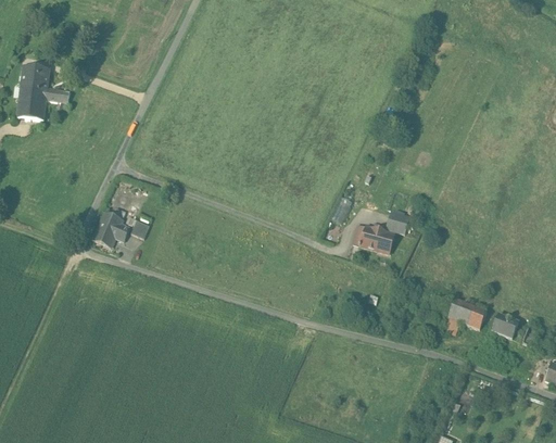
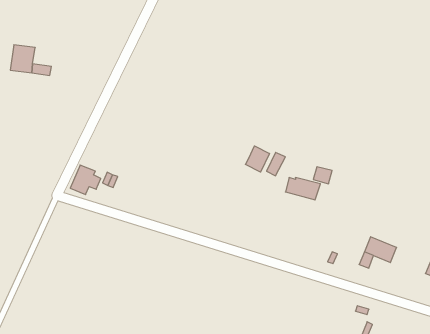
building: [16,94,46,118] -> none
building: none -> [245,146,269,172]
building: [492,311,519,337] -> none

